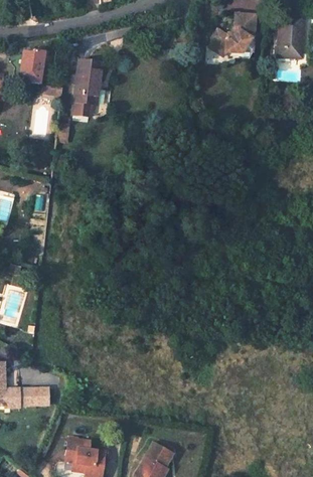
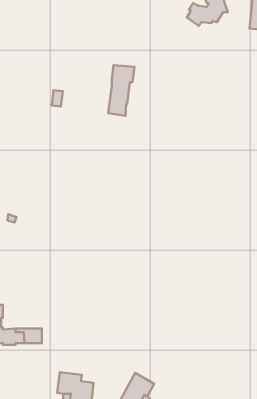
building: [19,49,44,84] -> none
building: [73,60,103,117] -> [108,65,134,116]

